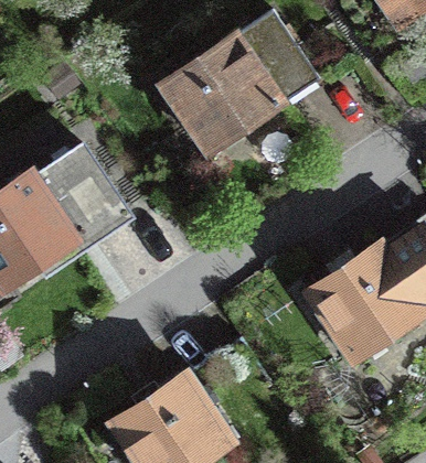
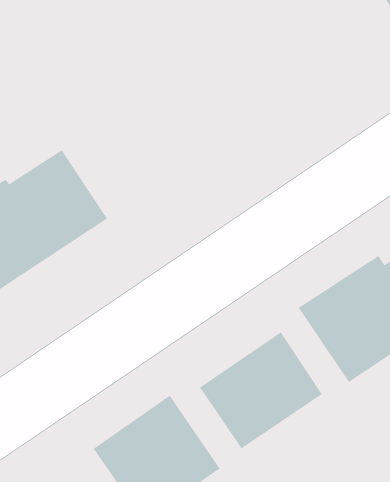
building: [161,11,319,154] -> none
building: none -> [199,331,323,449]

